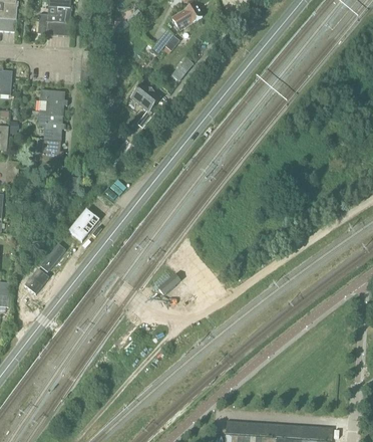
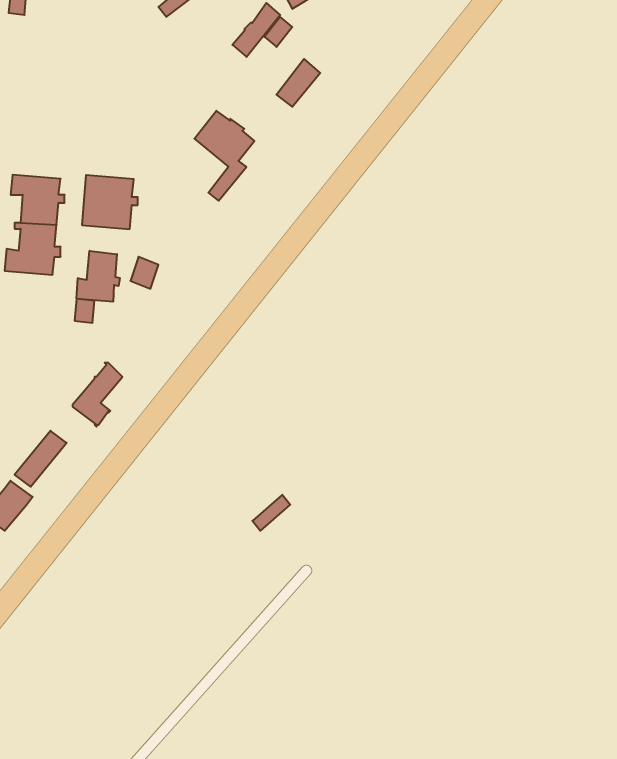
building: [39,89,67,117] -> [82,175,138,229]
building: none -> [77,251,120,302]

